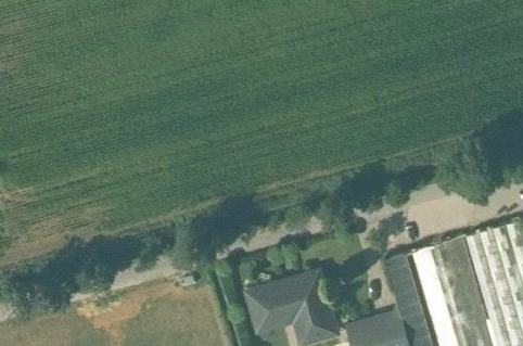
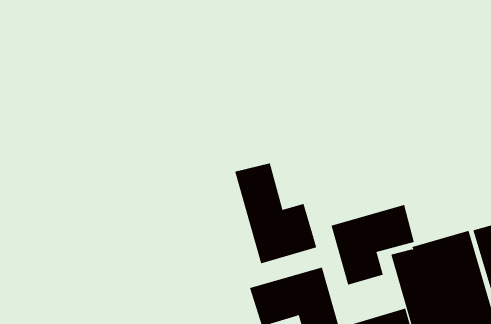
building: none -> [234,162,317,264]
building: none -> [331,204,414,286]

